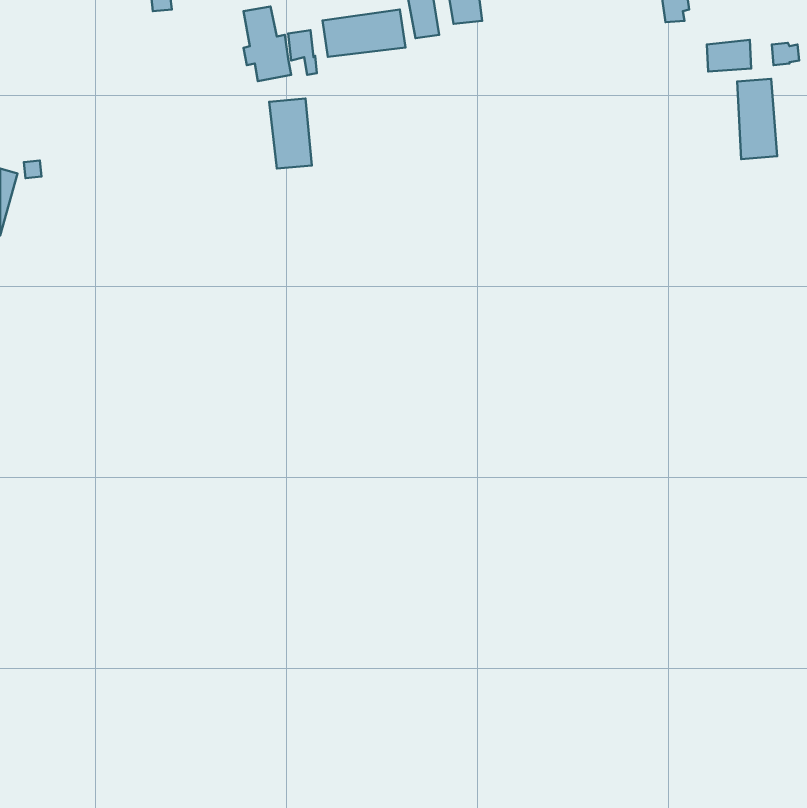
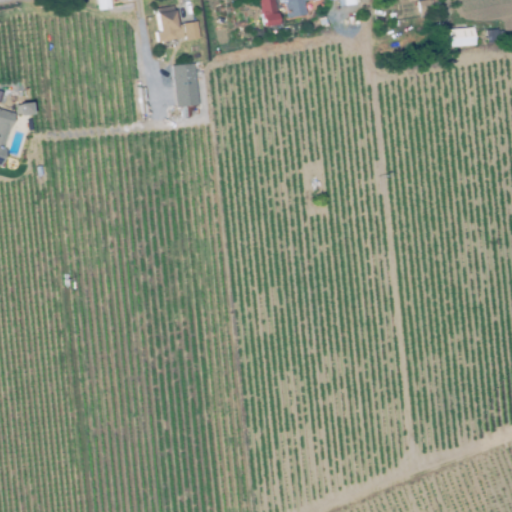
building: [323,10,406,57] -> none
building: [737,79,777,159] -> none

